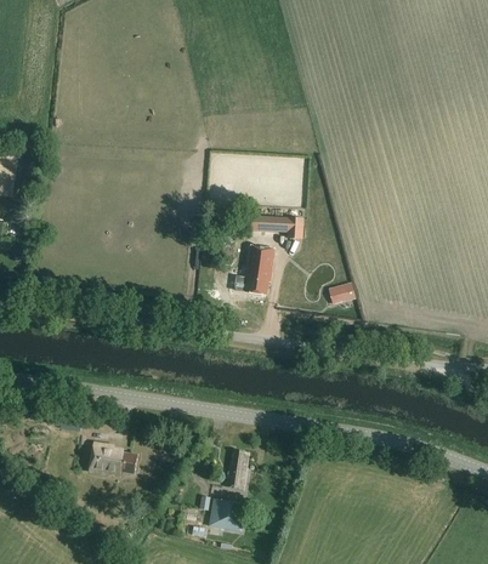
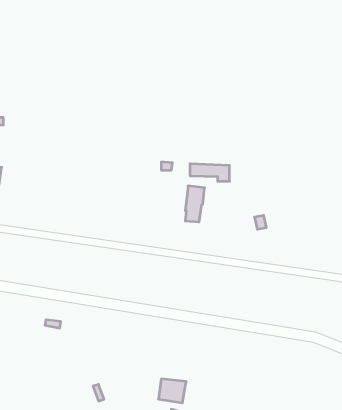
building: [91,441,138,475] -> none
building: [228,450,249,489] -> none

